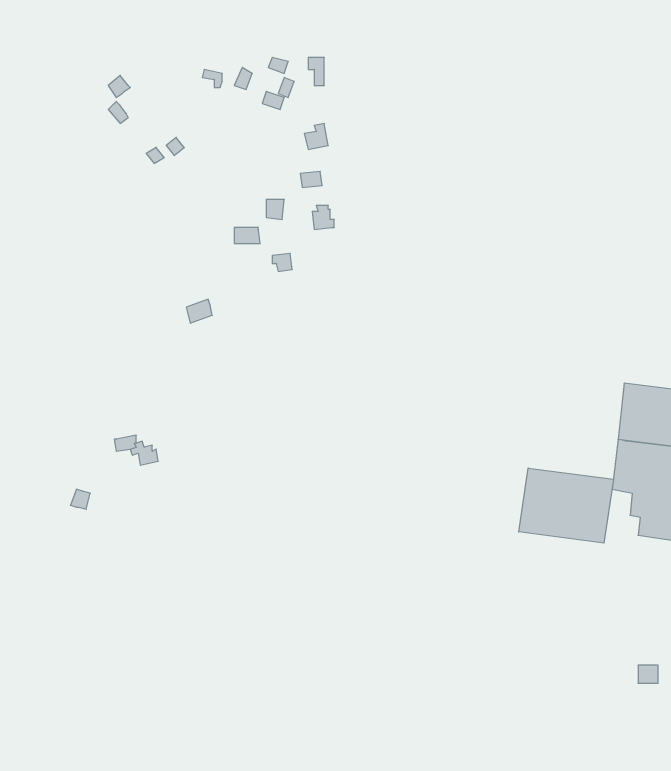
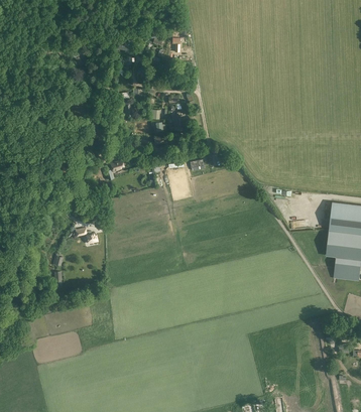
building: [519,468,613,543] -> none

